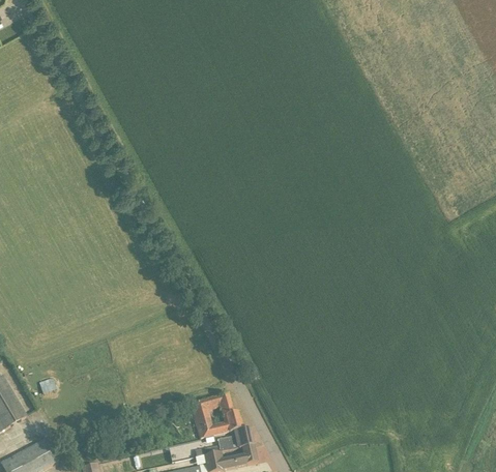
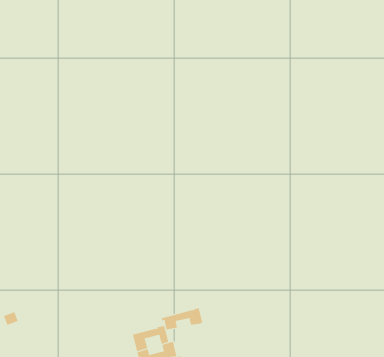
building: none -> [161,307,203,330]

